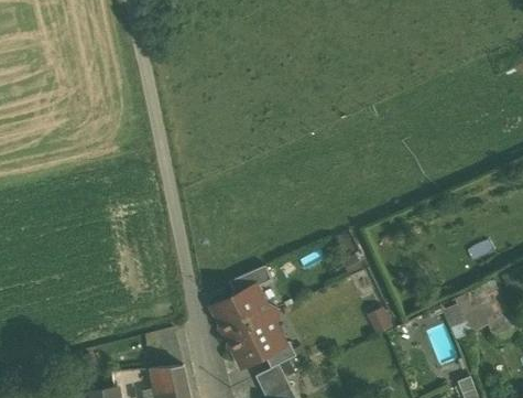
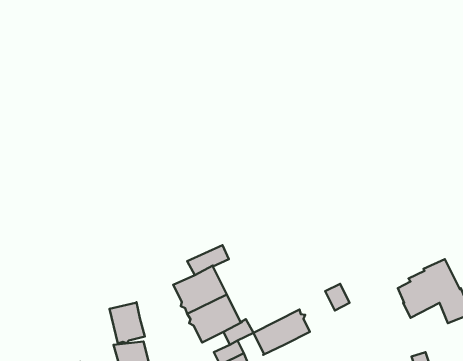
building: none -> [109,302,145,343]
building: none -> [253,310,310,355]

